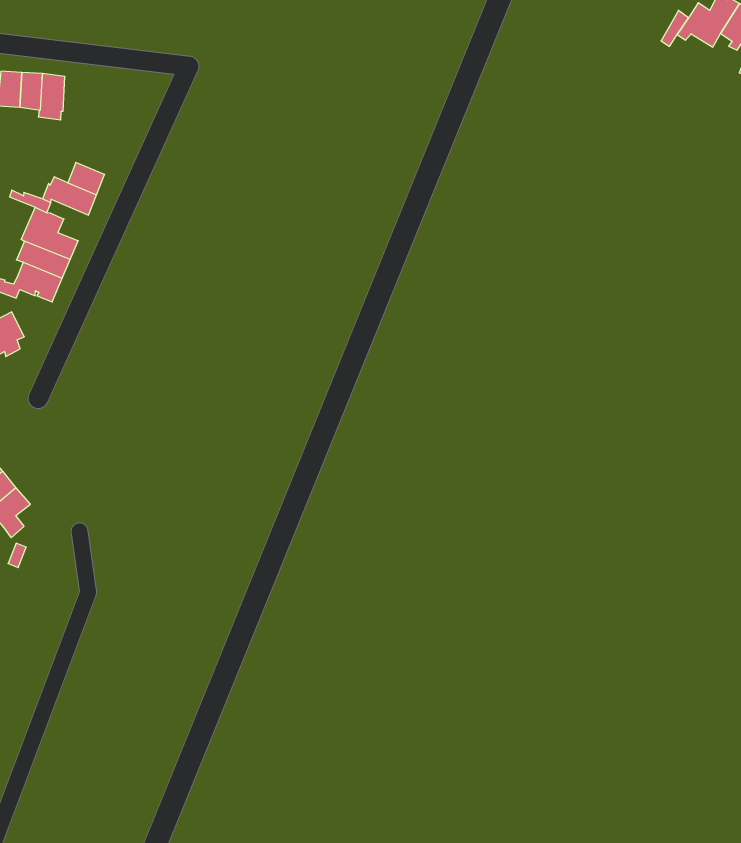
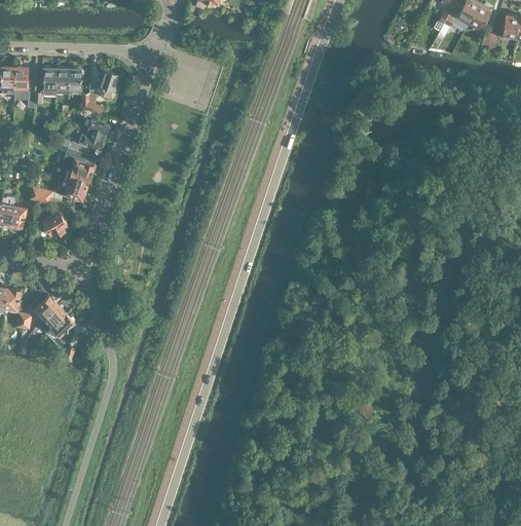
building: none -> [88,70,120,114]

